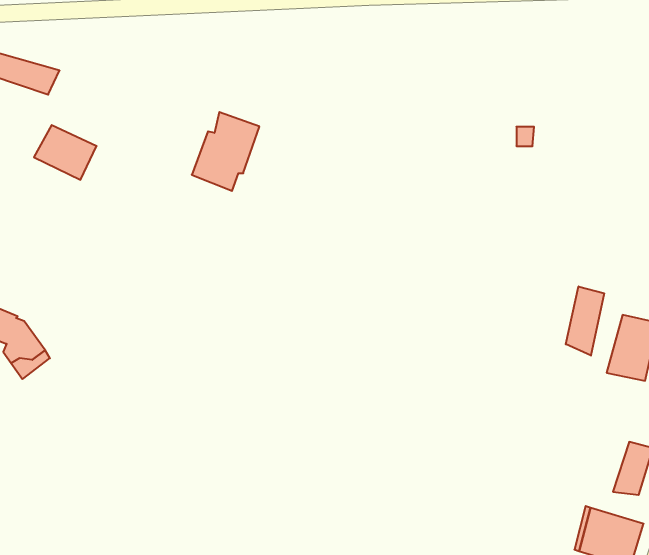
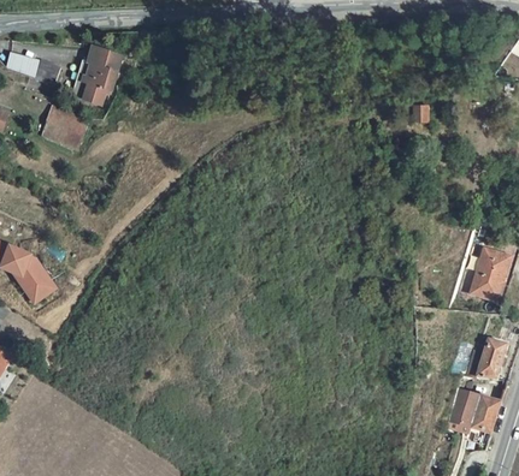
building: [192,112,259,191] -> [72,48,123,107]
building: [566,286,604,356] -> none

